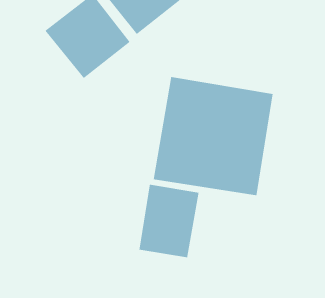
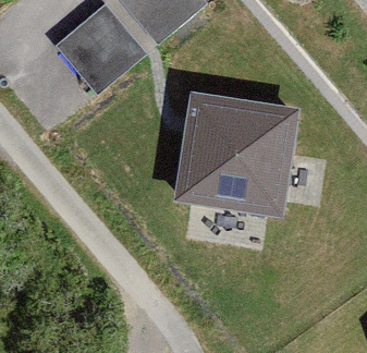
building: [139,184,199,258] -> none

